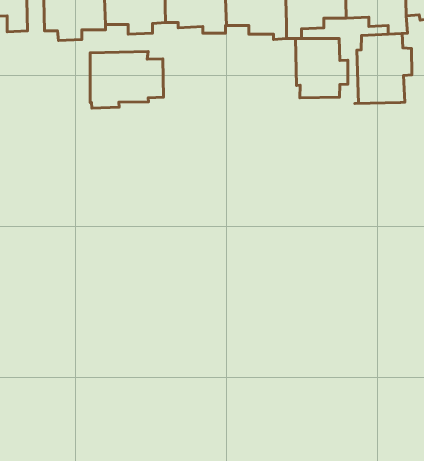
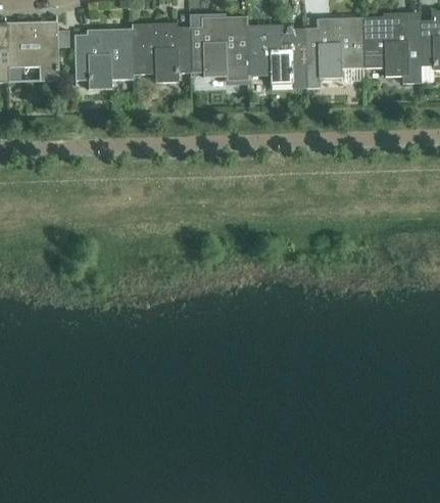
building: [355,33,412,103] -> none
building: [296,38,348,98] -> none
building: [90,52,164,108] -> none

